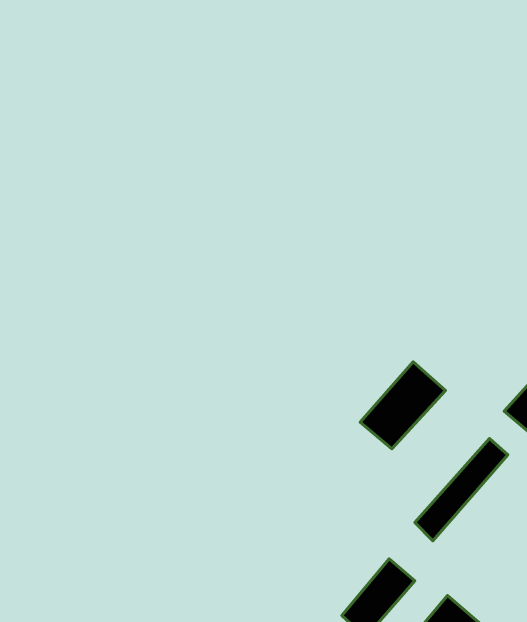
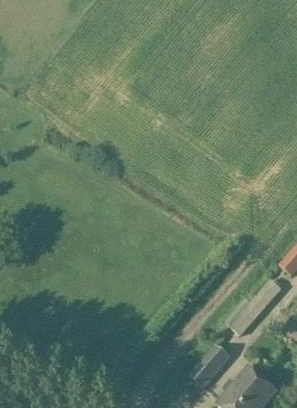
building: [360,362,445,449] -> none

